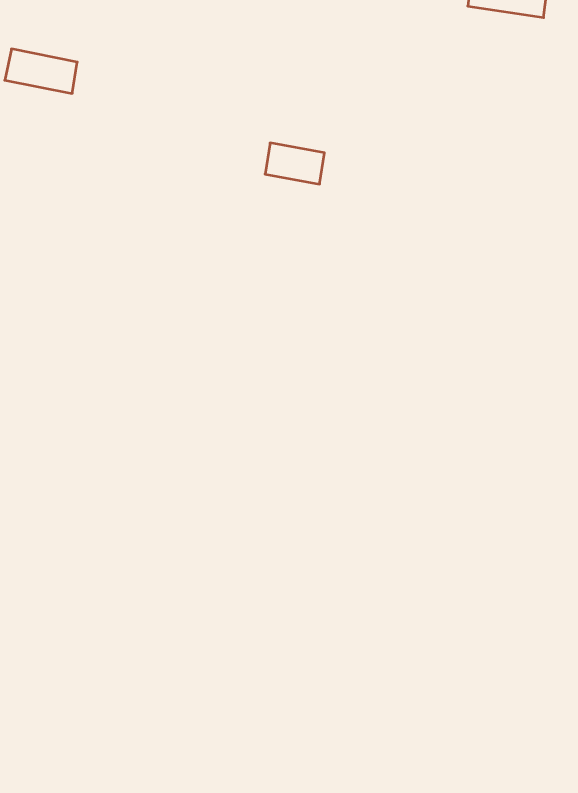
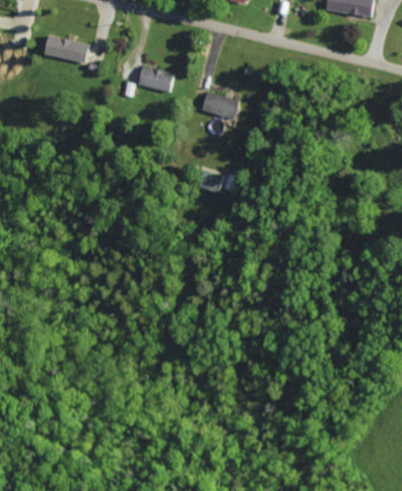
building: none -> [138,65,173,90]
building: none -> [198,170,222,192]

